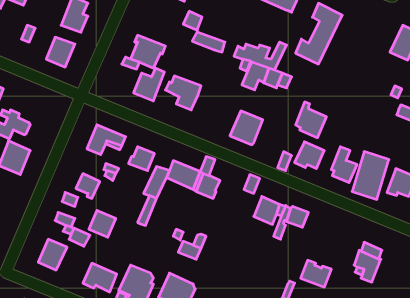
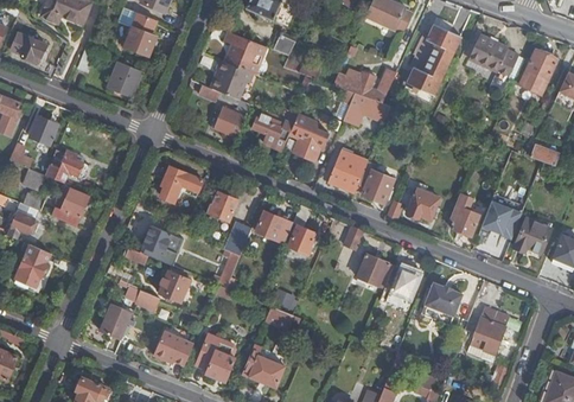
building: none -> [223,32,263,75]
building: none -> [460,34,516,94]
building: none -> [289,114,327,161]
building: [296,102,326,138] -> [356,161,393,204]
building: [301,260,331,287] -> [426,285,463,317]

